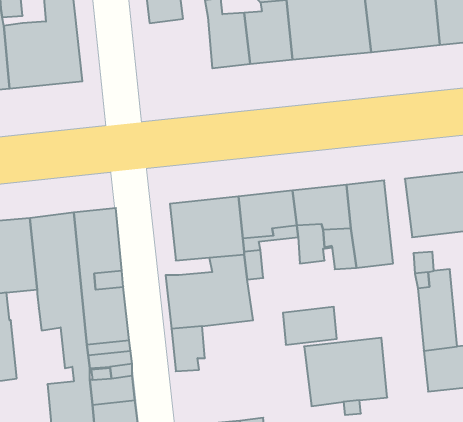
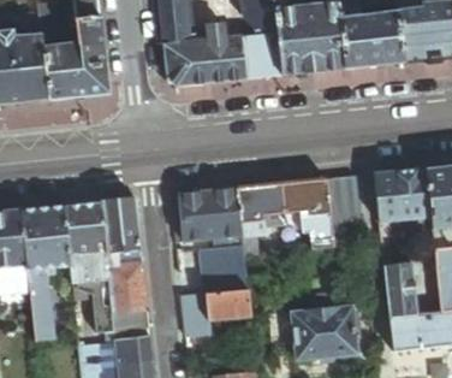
building: none -> [162,40,214,85]
building: [283,307,337,345] -> [206,290,250,321]

